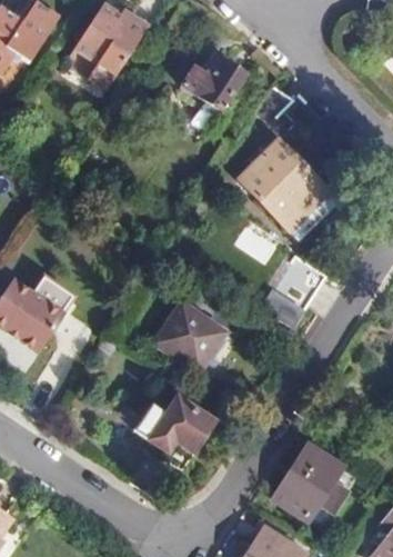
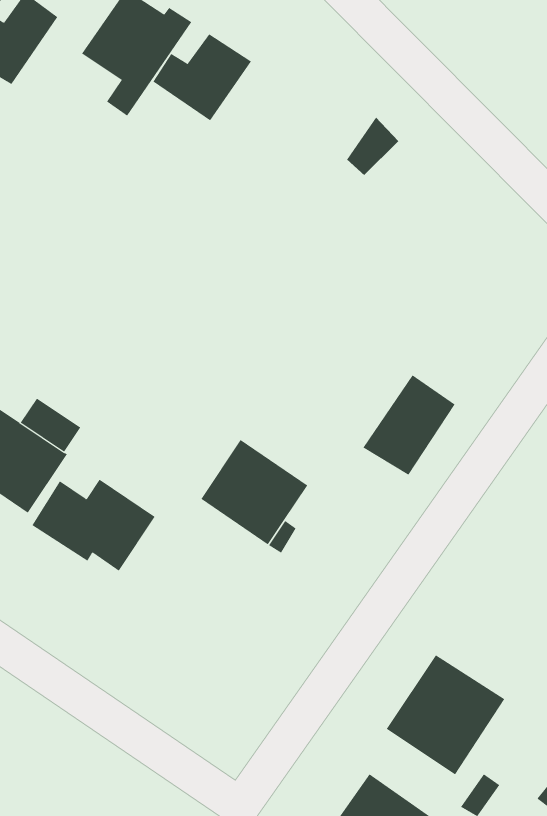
building: [181,54,248,113] -> [153,33,252,121]
building: [240,145,335,242] -> none
building: [132,397,215,459] -> [31,479,156,571]

